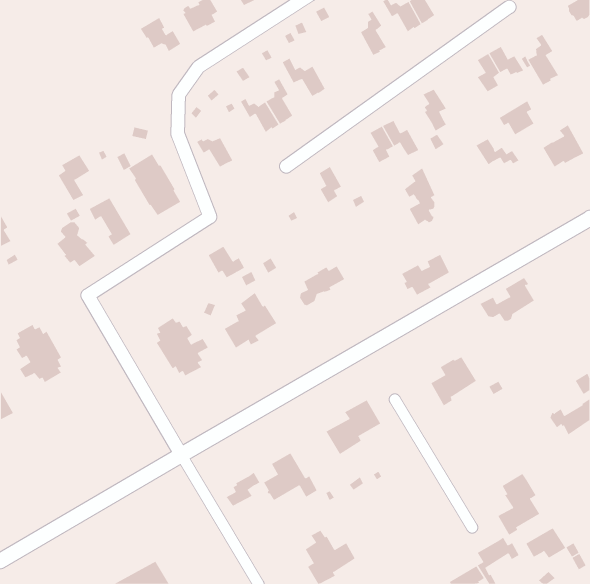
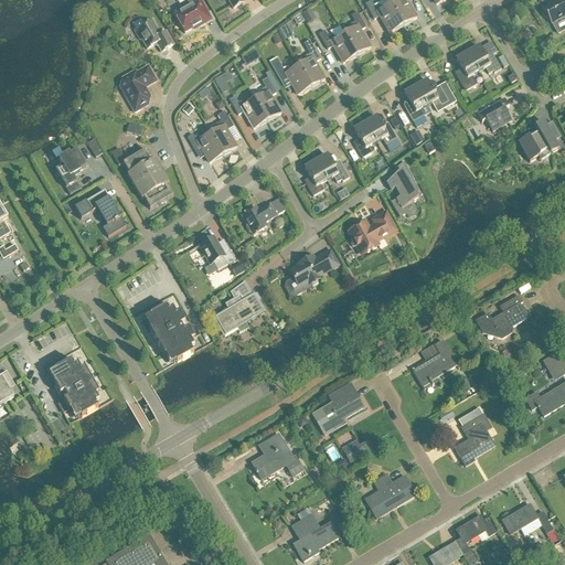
building: none -> [319,29,356,61]
building: [528,34,559,85] -> none
building: none -> [299,38,324,85]
building: none -> [120,65,156,110]
building: none -> [211,108,236,153]
building: [476,139,520,165] -> [415,78,457,104]
building: none -> [316,152,350,180]
building: none -> [242,202,276,233]
building: [56,221,96,267] -> none
building: [401,254,450,296] -> [349,211,395,250]
building: [480,277,535,321] -> [475,295,527,337]
building: [16,324,62,383] -> [54,359,98,415]
building: [226,472,260,507] -> none
building: [497,473,540,536] -> [454,406,494,466]
building: none -> [365,472,416,518]

